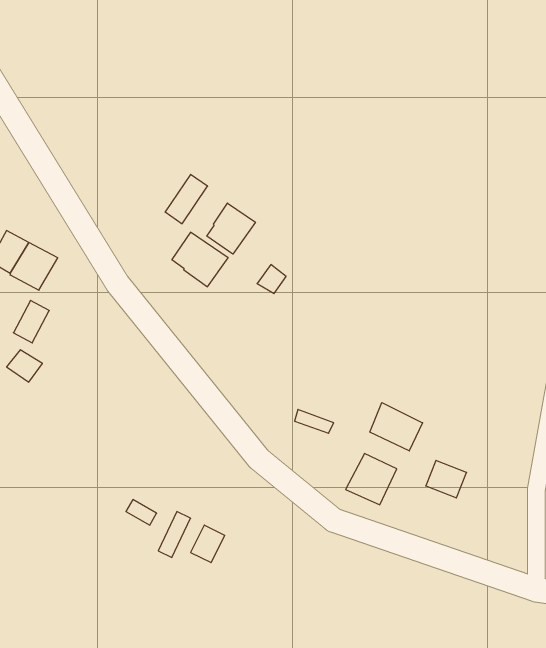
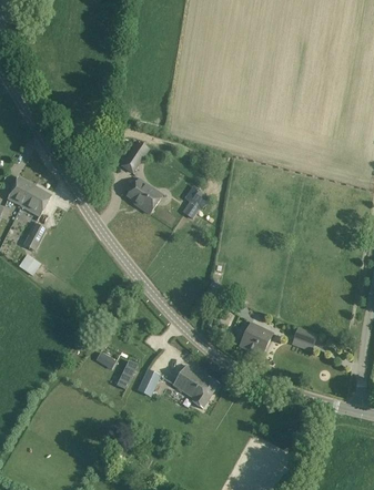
building: [207,203,255,254] -> none
building: [370,403,423,451] -> none
building: none -> [173,365,218,406]

